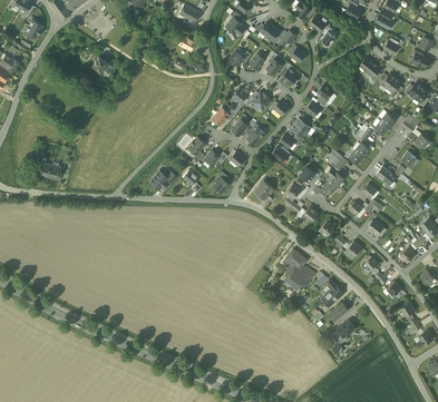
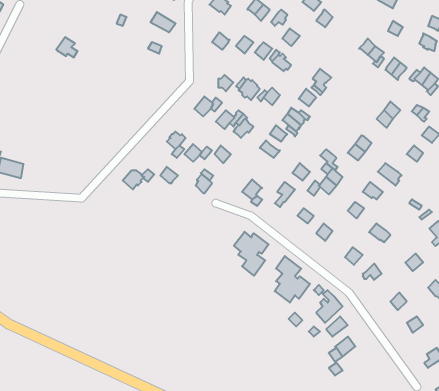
building: none -> [234,232,269,276]

